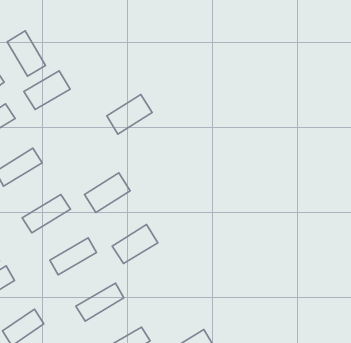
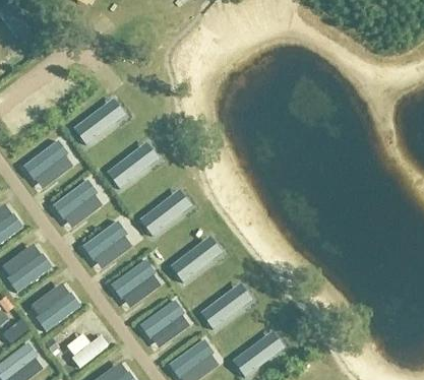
building: [7,31,46,76] -> none
building: [107,94,152,134] -> [107,147,149,187]
building: none -> [200,289,243,328]

